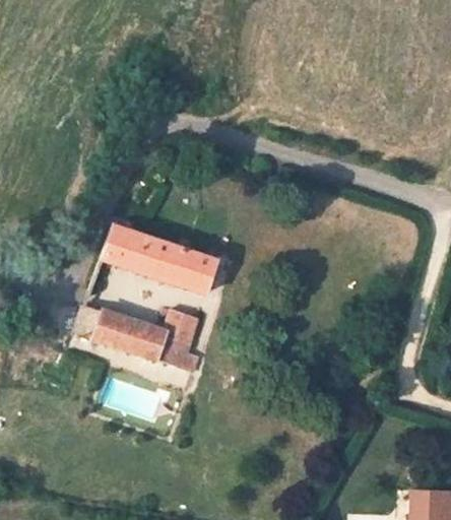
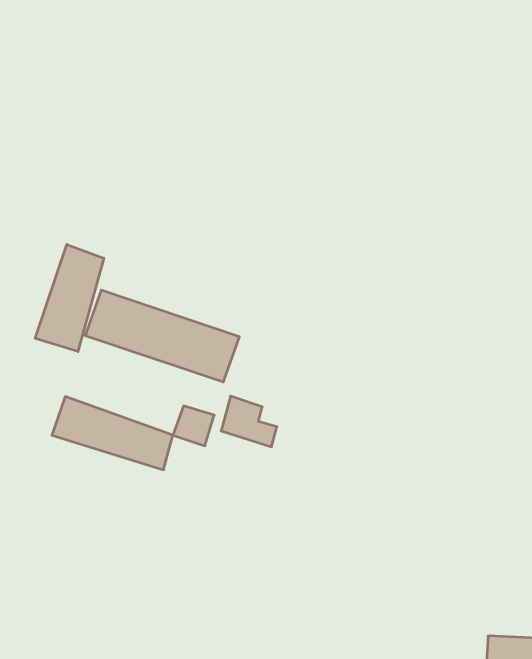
building: none -> [35,244,104,352]
building: [160,334,203,373] -> [221,396,277,447]

